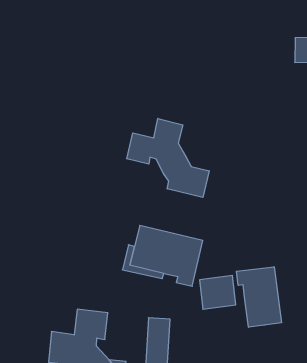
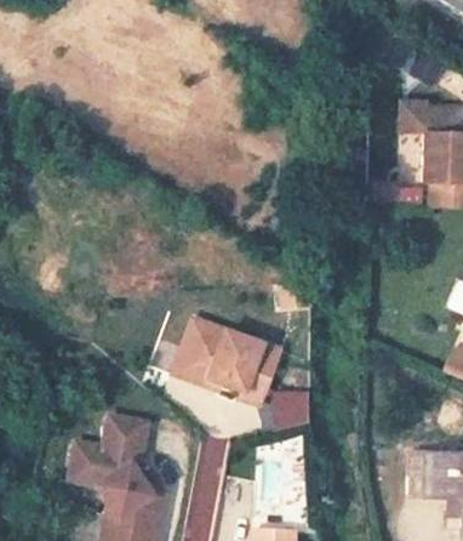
building: [127,118,209,197] -> none
building: [236,267,281,327] -> none

